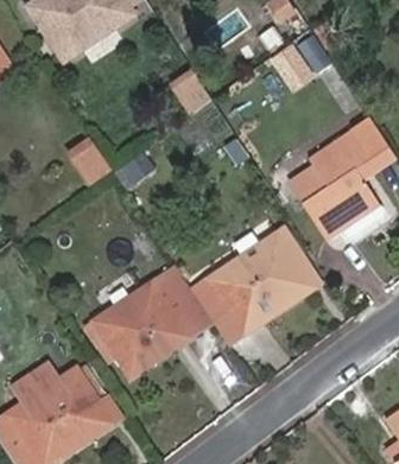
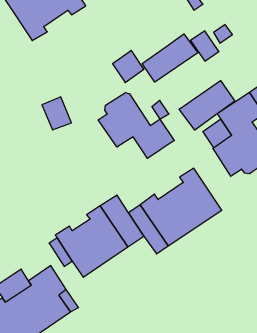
building: none -> [142,34,198,82]
building: none -> [179,81,235,130]
building: none -> [98,93,174,158]

